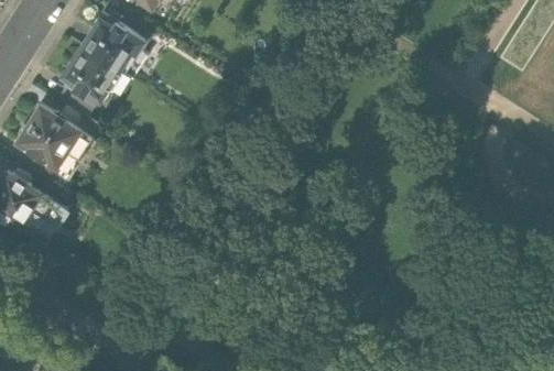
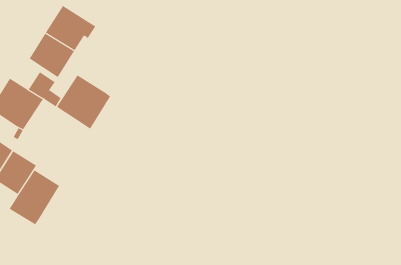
building: none -> [56,75,111,130]
building: none -> [9,169,60,225]

